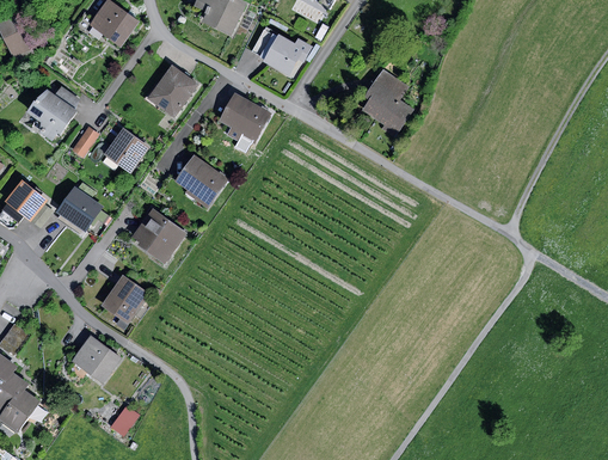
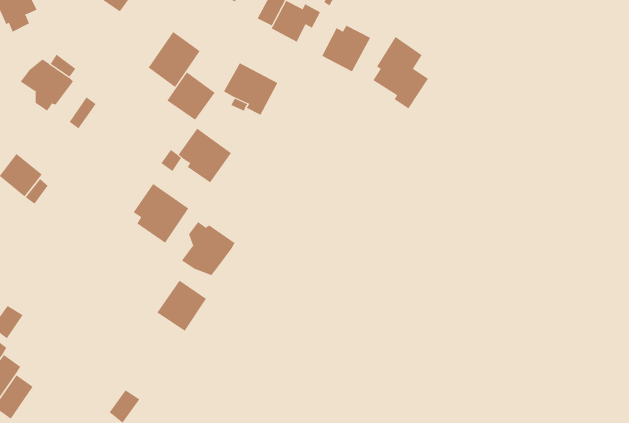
building: none -> [322,25,371,72]
building: [103,127,149,173] -> [167,72,215,121]
building: [55,185,109,232] -> none
building: none -> [181,221,235,276]
building: [100,274,148,323] -> [156,280,207,331]
building: [70,336,121,384] -> none

